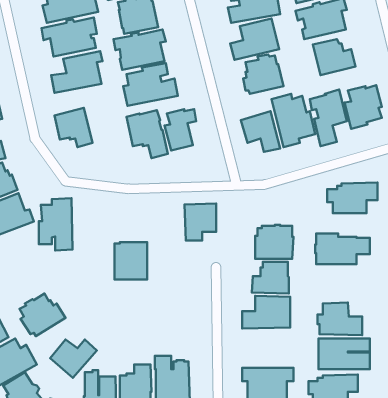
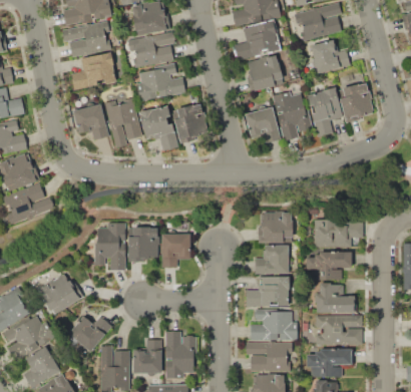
building: none -> [104,95,142,146]
building: [327,183,377,213] -> [306,251,352,279]
building: [39,198,73,251] -> [95,222,126,270]
building: [185,203,216,241] -> [161,233,190,267]
building: none -> [251,309,298,340]

